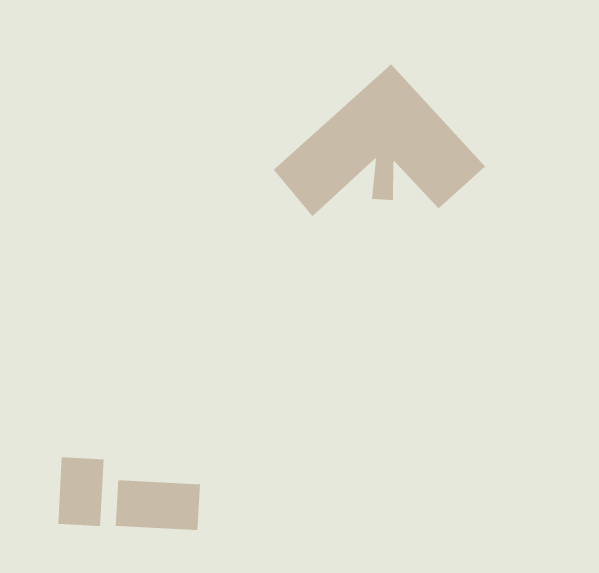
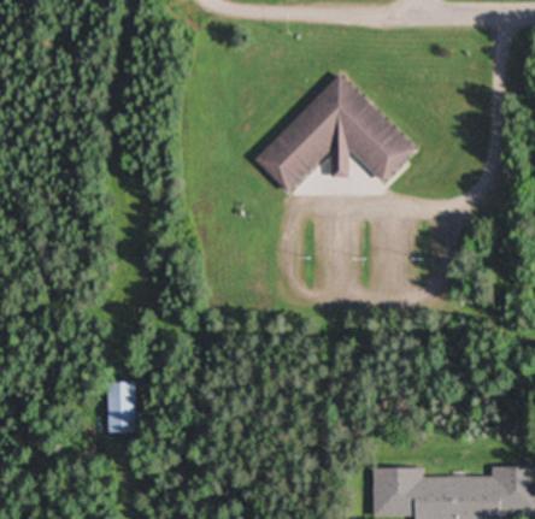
building: [115,480,200,531] -> none

